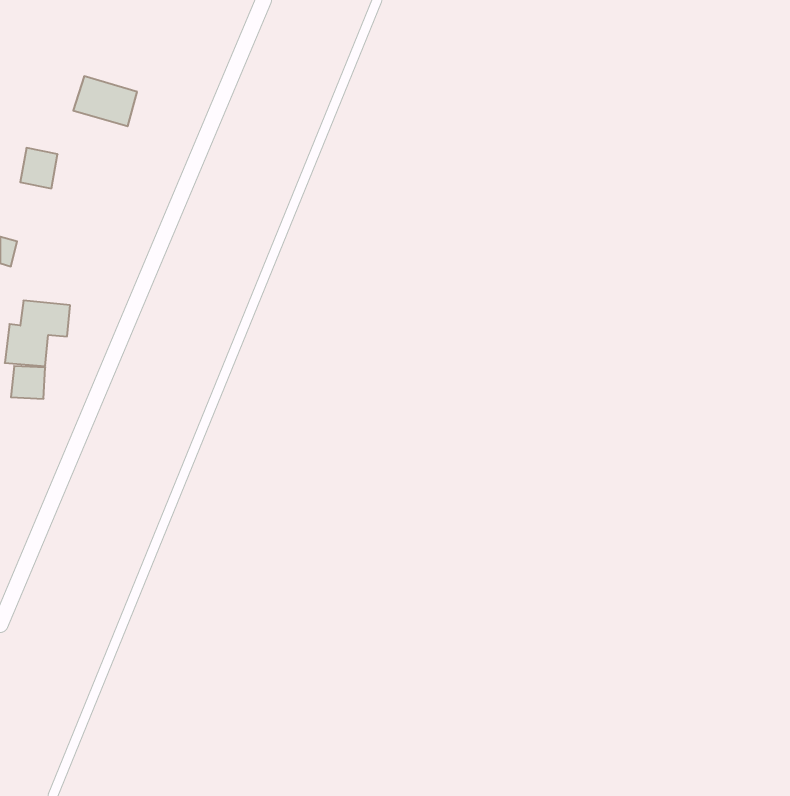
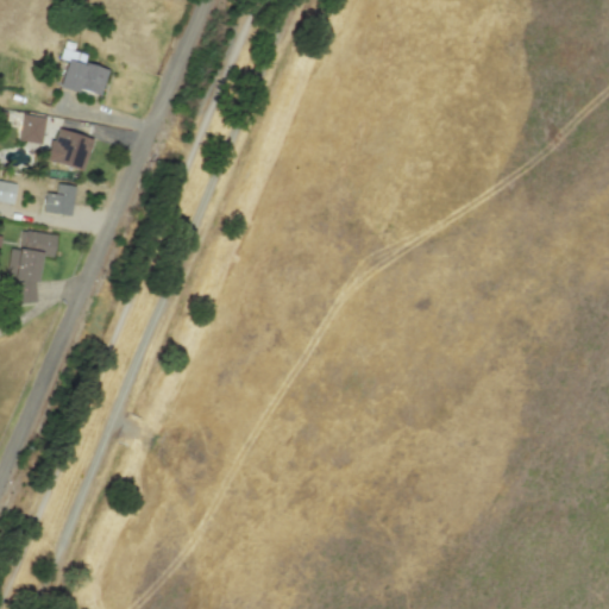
building: none -> [49,127,95,171]
building: none -> [45,183,76,214]

